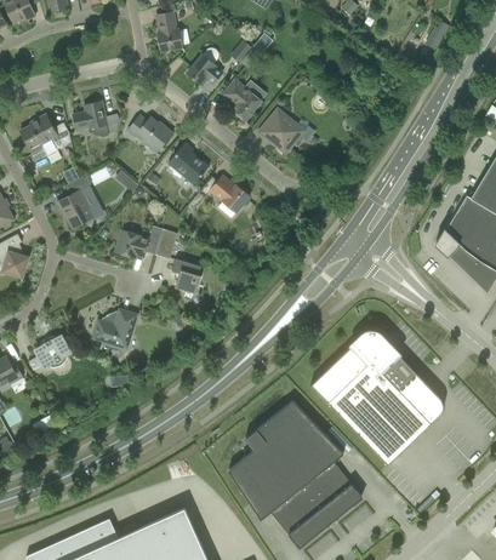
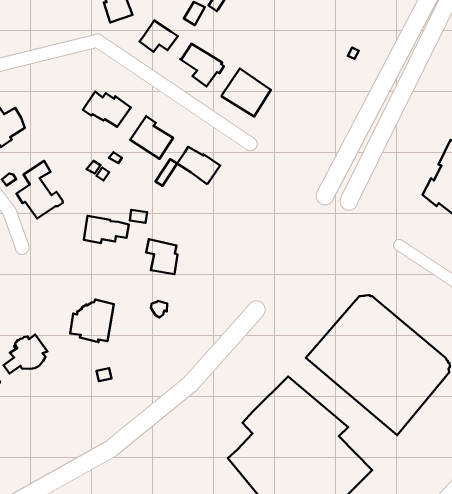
building: [73,101,119,136] -> none

